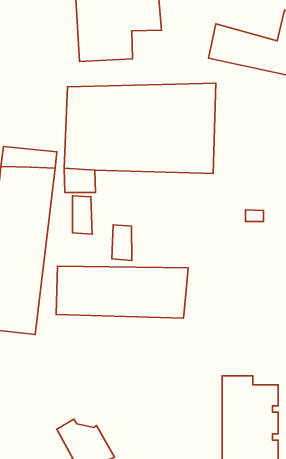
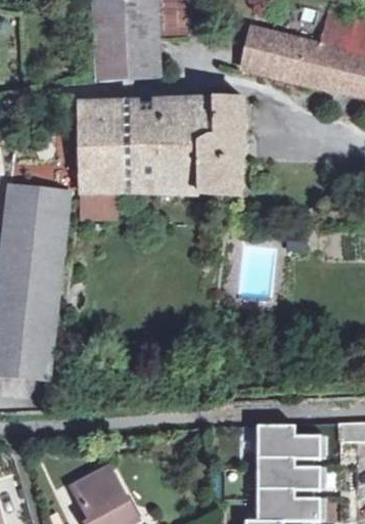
building: [73,196,92,234] -> none
building: [112,225,132,261] -> none
building: [56,266,188,318] -> none

